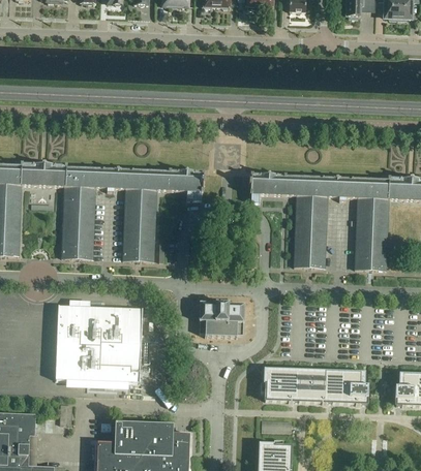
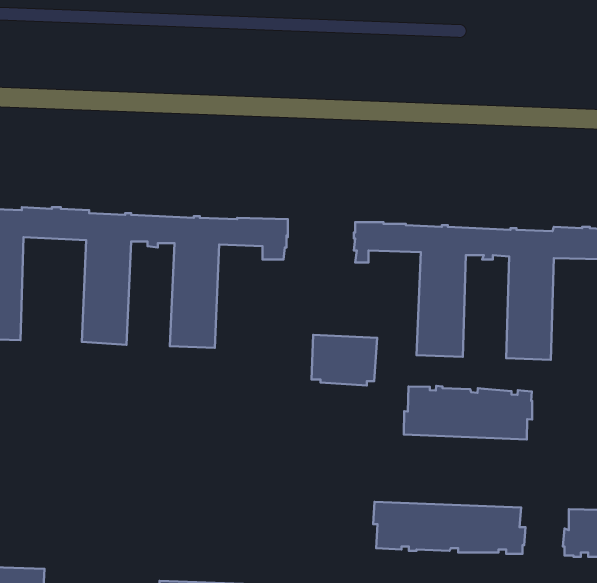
building: none -> [404,386,532,439]
building: [199,302,244,337] -> [312,335,377,386]
building: [55,304,143,382] -> none

